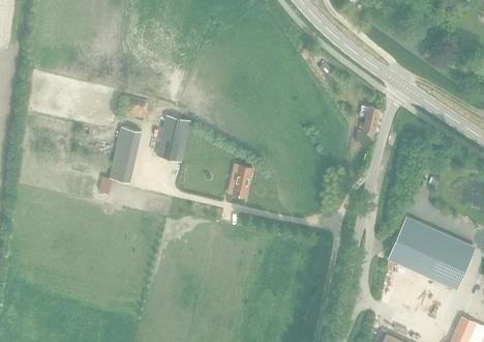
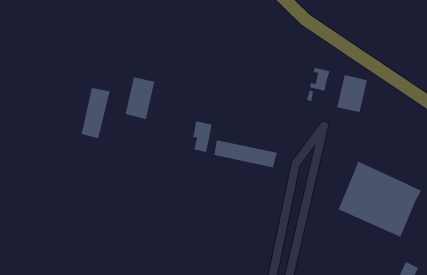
building: none -> [337,74,367,113]
building: none -> [214,139,278,168]

